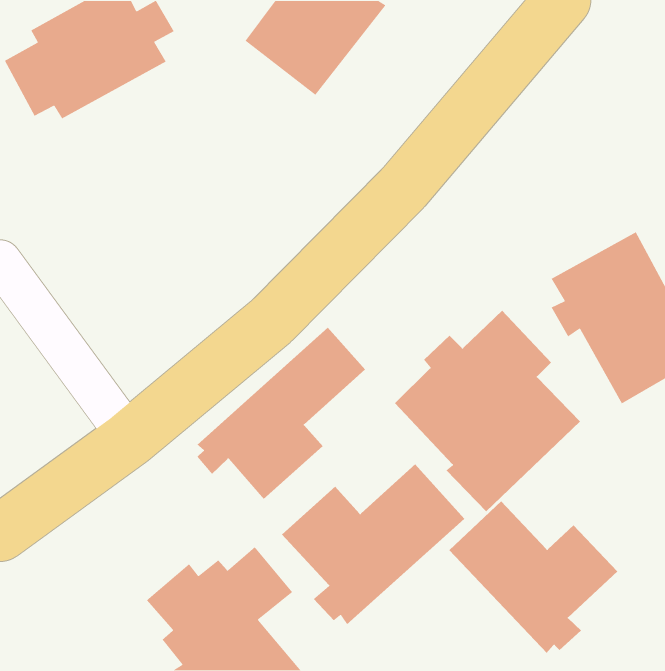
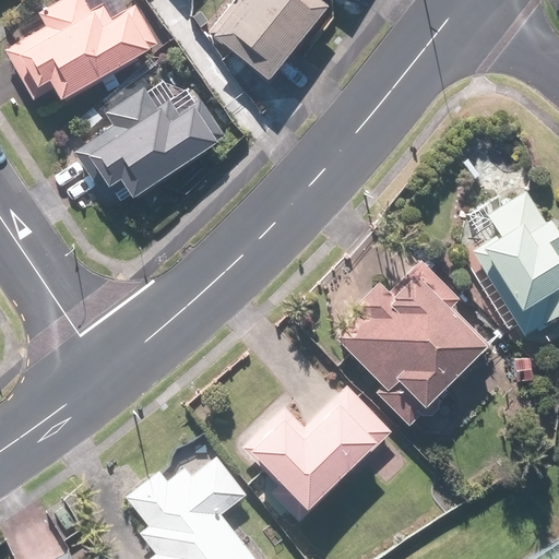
building: none -> [74,90,218,201]
building: [196,327,366,500] -> none
building: [448,501,618,654] -> none

